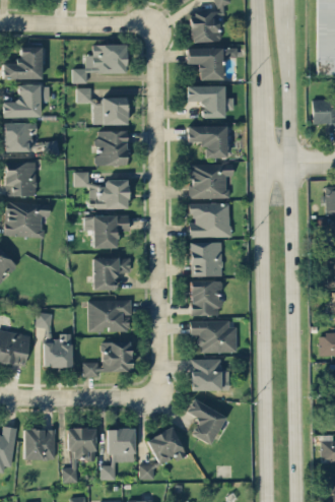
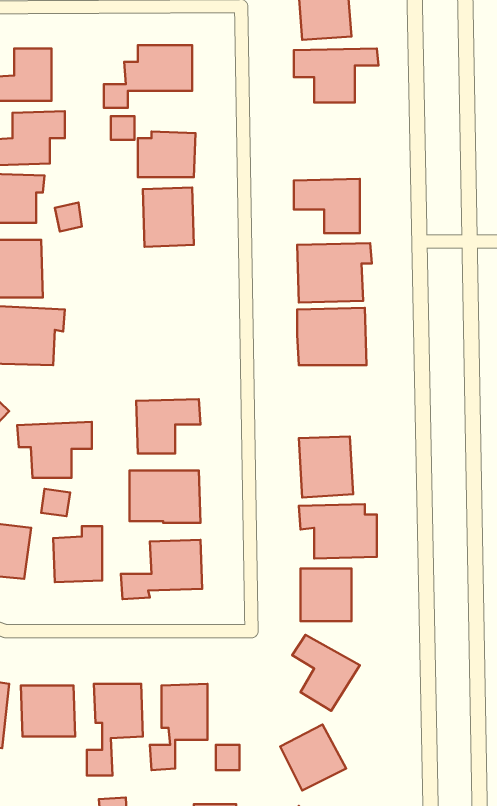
building: [187,85,234,118] -> none
building: [74,171,128,208] -> none
building: [84,214,129,248] -> [17,422,92,478]
building: [190,242,222,276] -> none
building: [146,427,186,466] -> [280,724,346,790]

